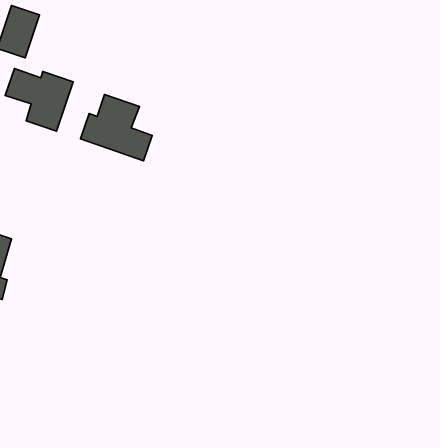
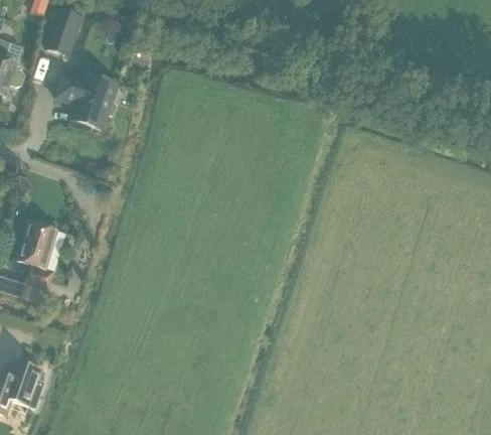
building: [81,94,152,161] -> none

